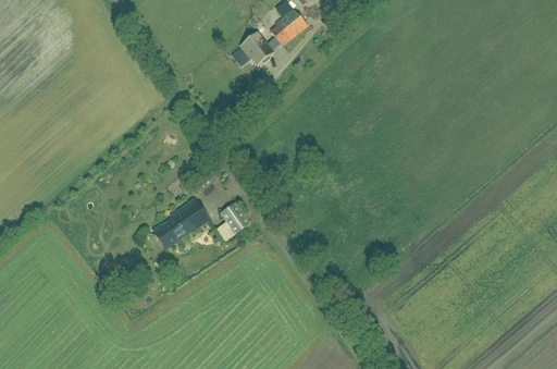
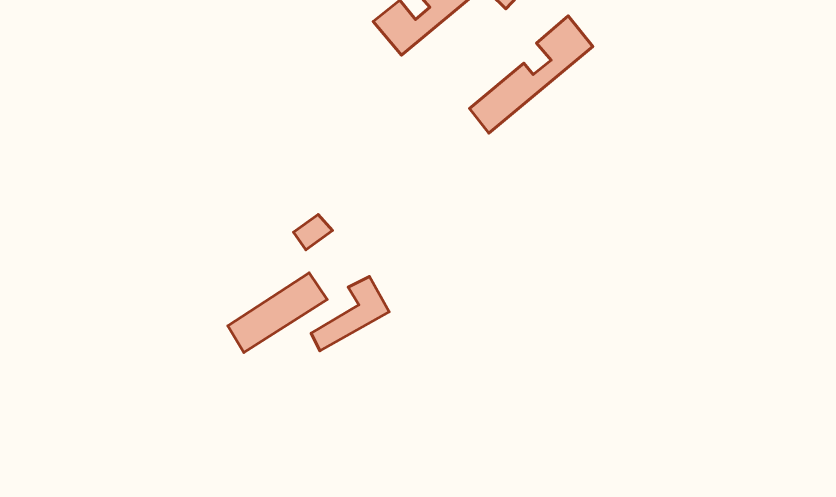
building: none -> [469,16,593,133]

